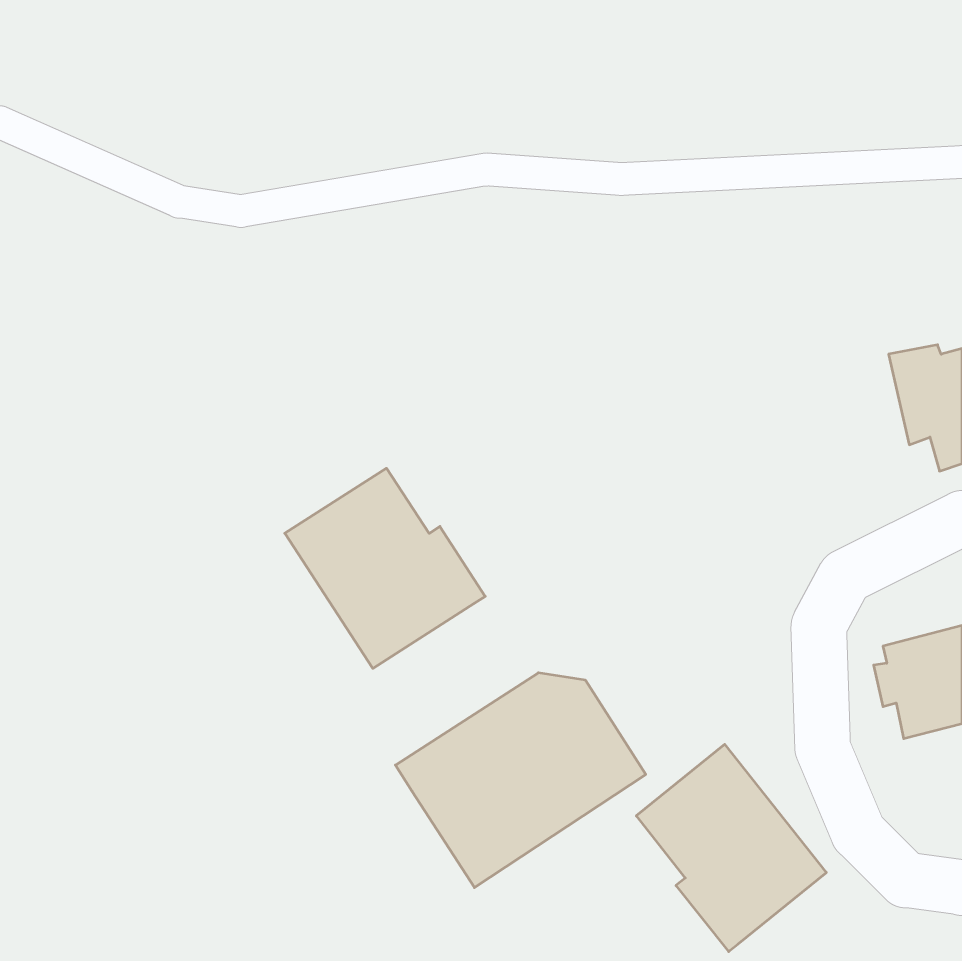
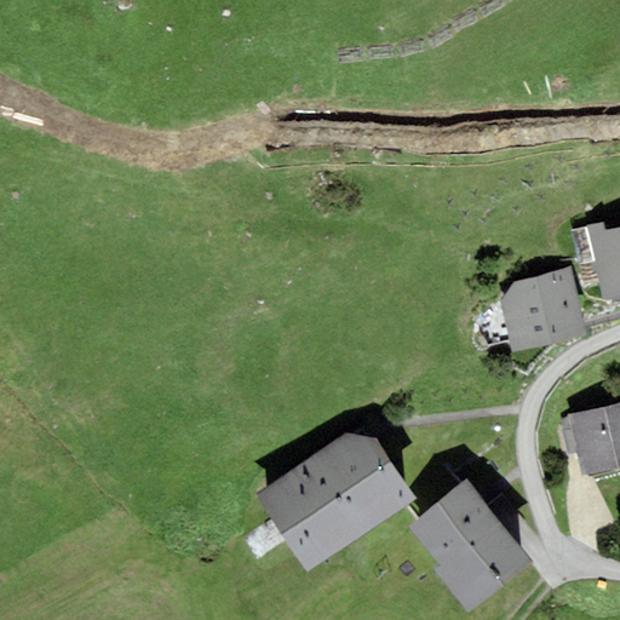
building: none -> [500,265,587,352]
building: [285,468,485,668] -> none

